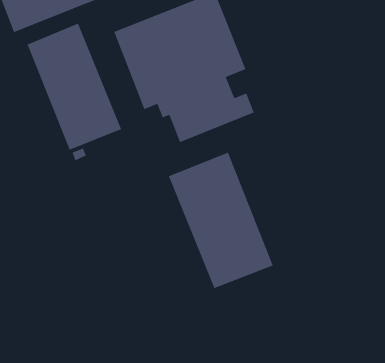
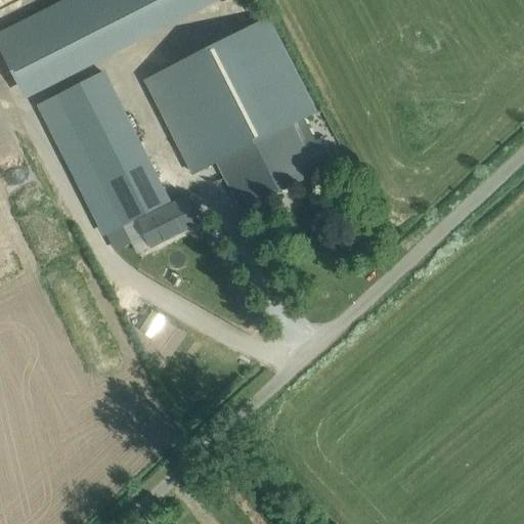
building: none -> [135,194,198,246]
building: [168,152,274,289] -> none

